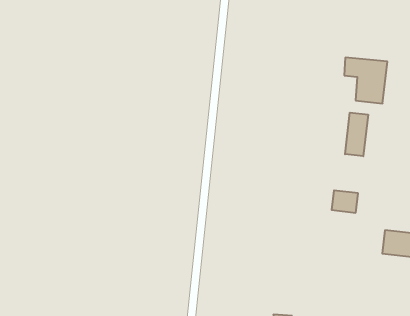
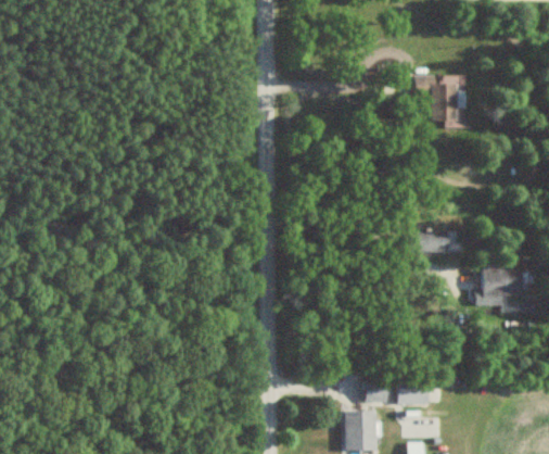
building: [345,113,368,156] -> none

